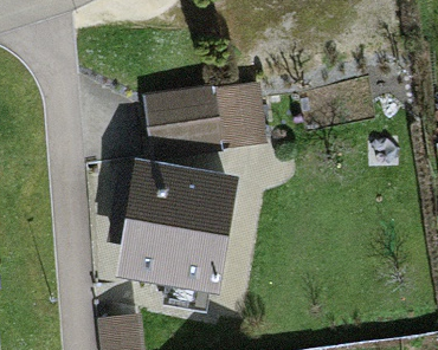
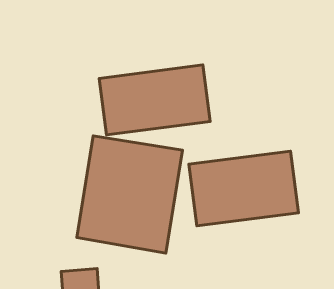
building: none -> [189,151,298,226]

